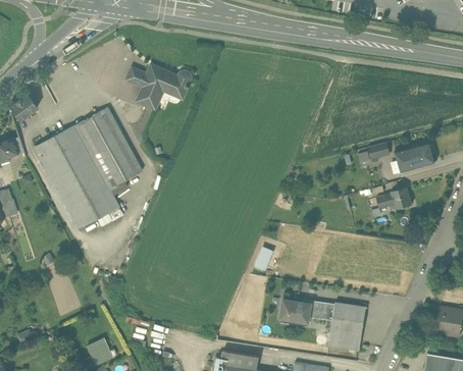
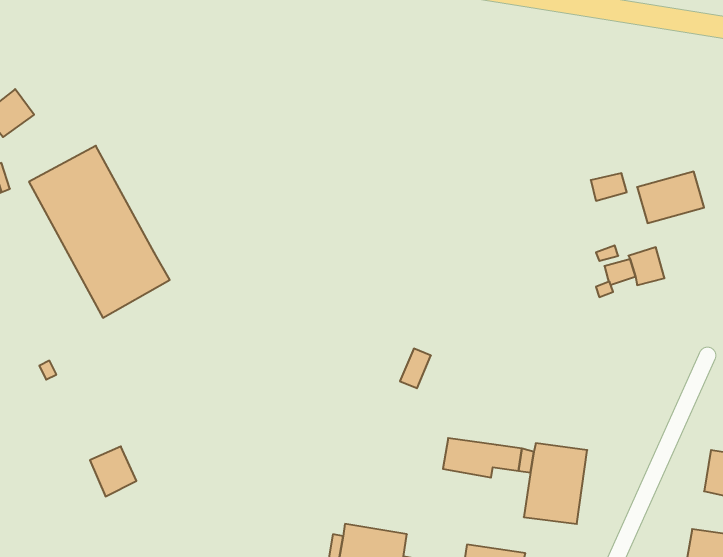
building: [127,68,191,109] -> none
building: [74,108,143,190] -> none
building: [84,336,111,366] -> [90,446,136,496]

